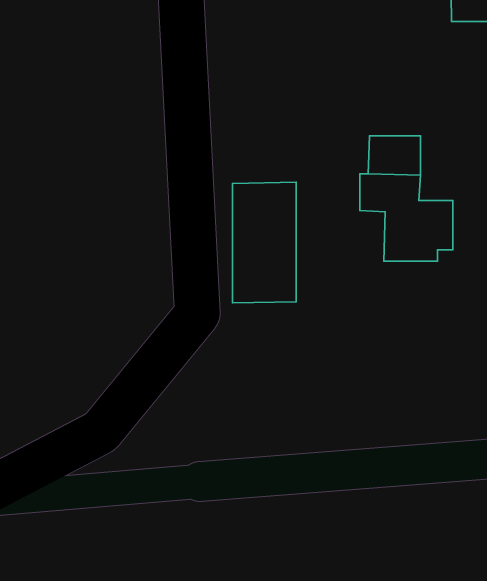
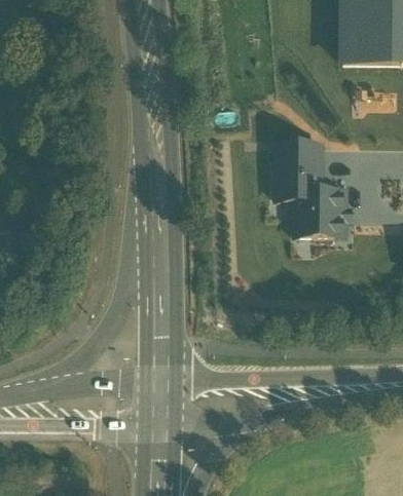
building: [232,182,296,303] -> none

